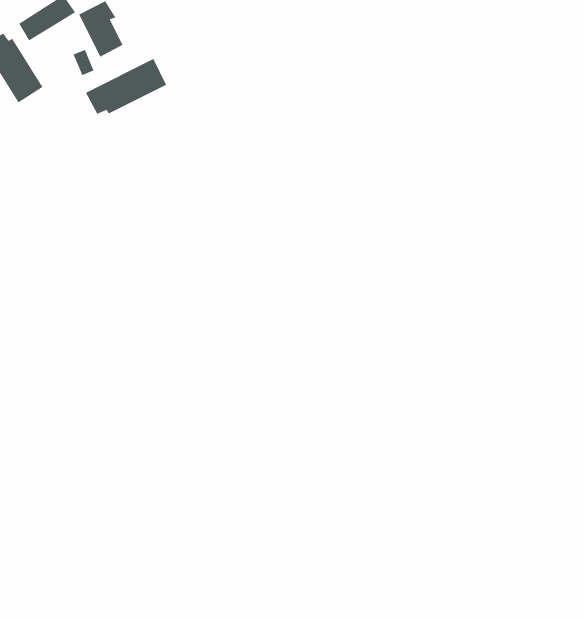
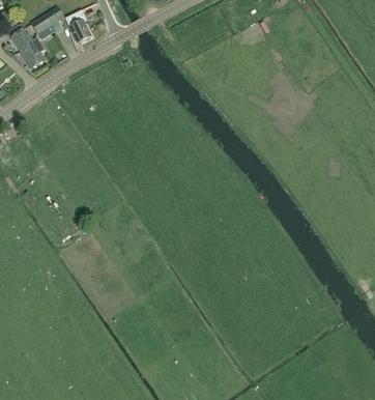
building: [85,58,167,115] -> none

